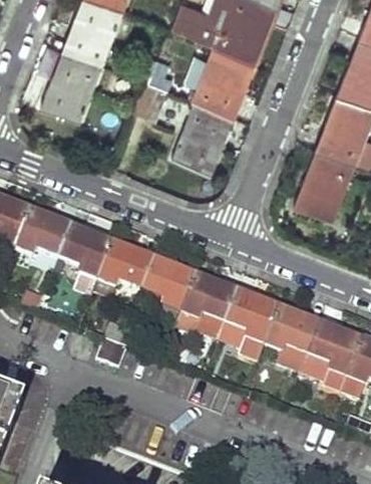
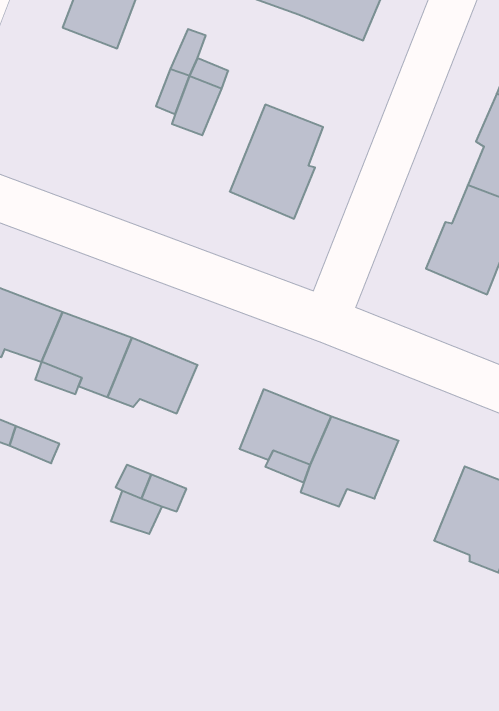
building: [197,39,258,109] -> none
building: [44,47,104,115] -> none
building: [141,258,196,310] -> none
building: [265,305,321,368] -> none

